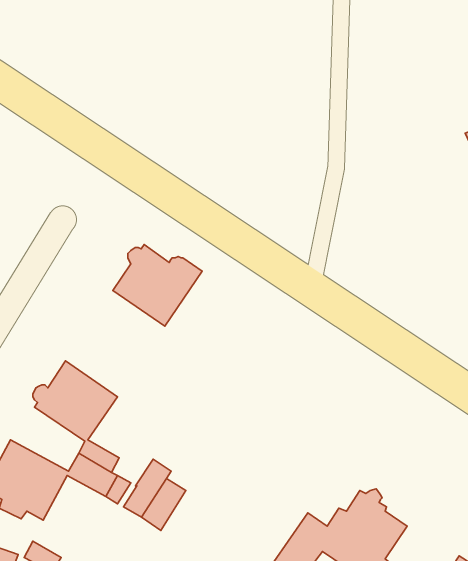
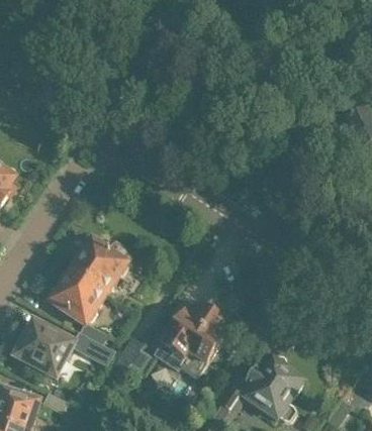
building: [113,244,202,326] -> [70,237,130,293]
building: none -> [155,303,225,376]

